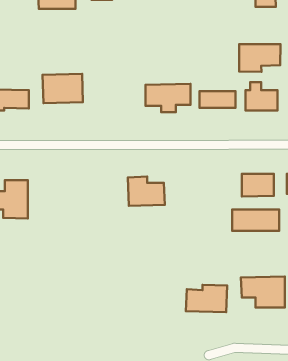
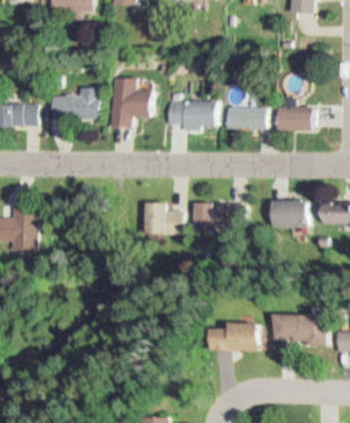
building: [239,44,280,72] -> none
building: none -> [111,79,150,127]
building: [232,210,279,231] -> [199,202,251,225]

